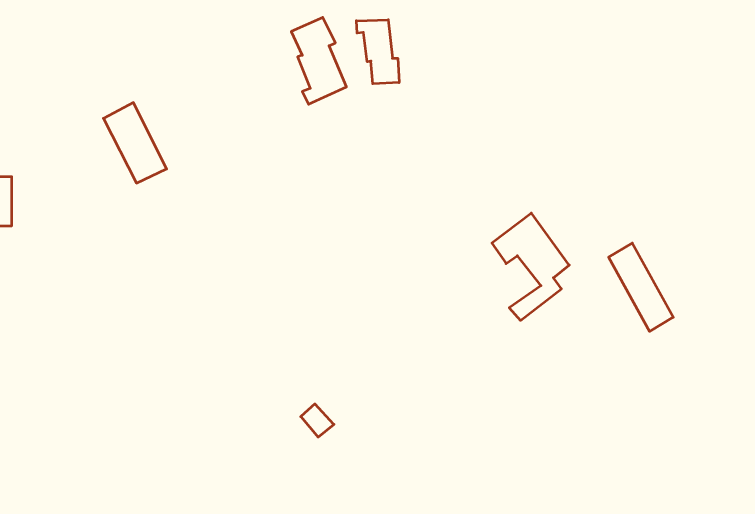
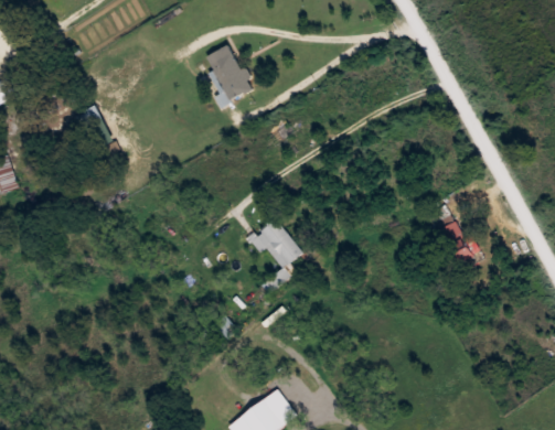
building: [356,20,399,84] -> none
building: [492,213,569,320] -> [249,218,303,293]

